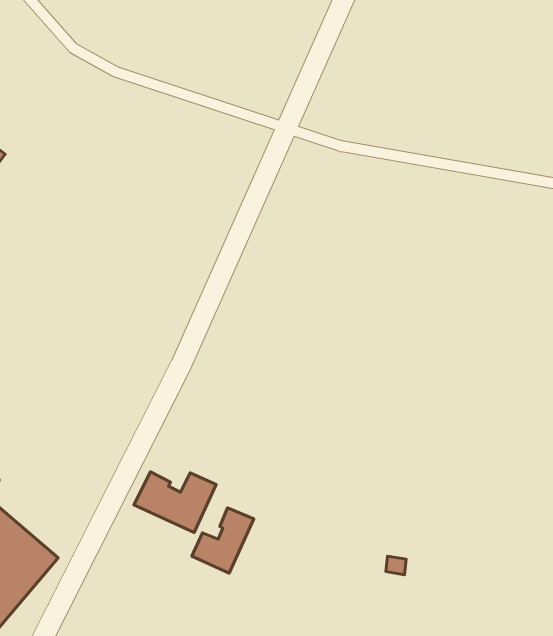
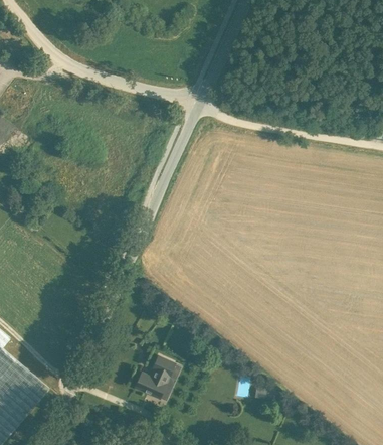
building: [134,472,216,533] -> none

